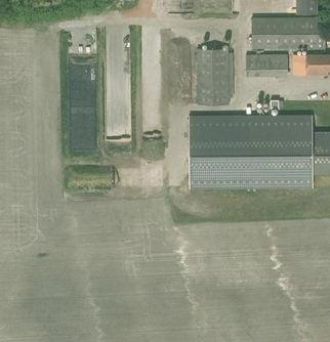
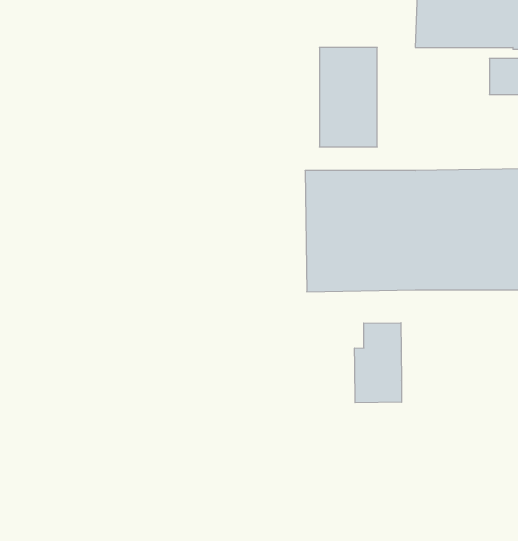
building: [246,53,288,75] -> none
building: none -> [355,323,402,403]

